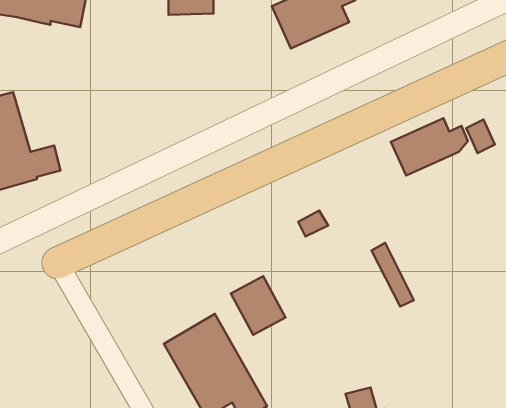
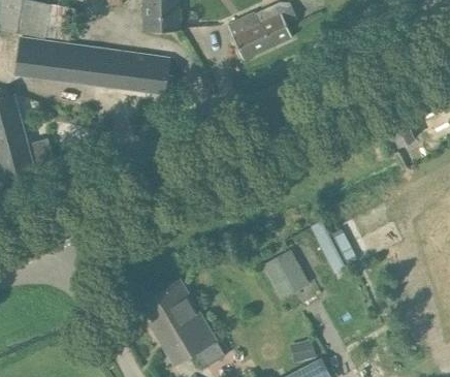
building: none -> [17,39,169,95]
building: [391,118,468,176] -> none
building: [231,276,286,335] -> [263,251,309,300]

